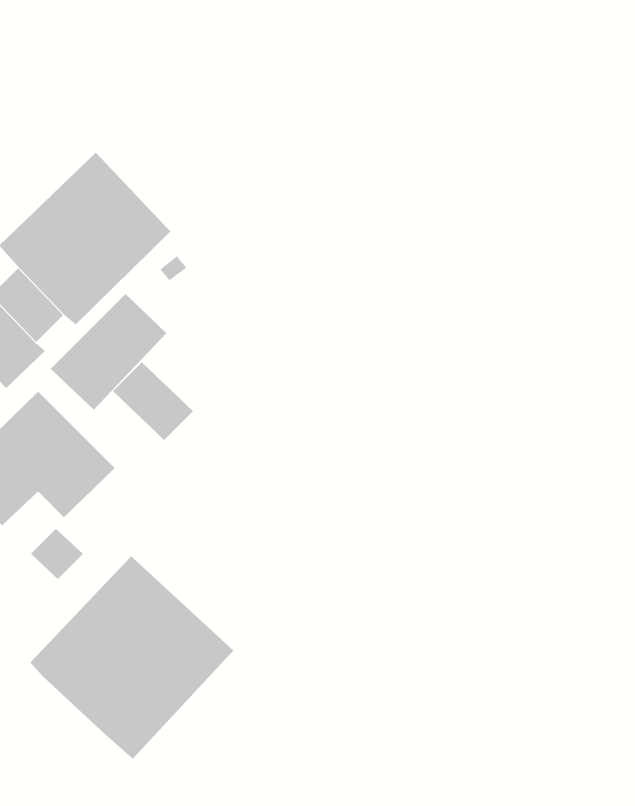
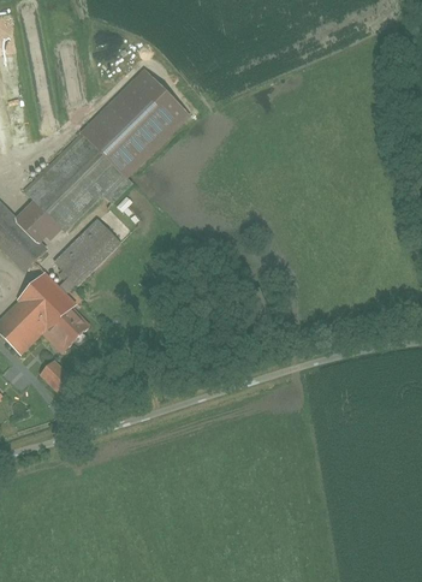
building: none -> [79,64,194,178]
building: [112,362,194,441] -> none
building: [30,556,234,760] -> none

